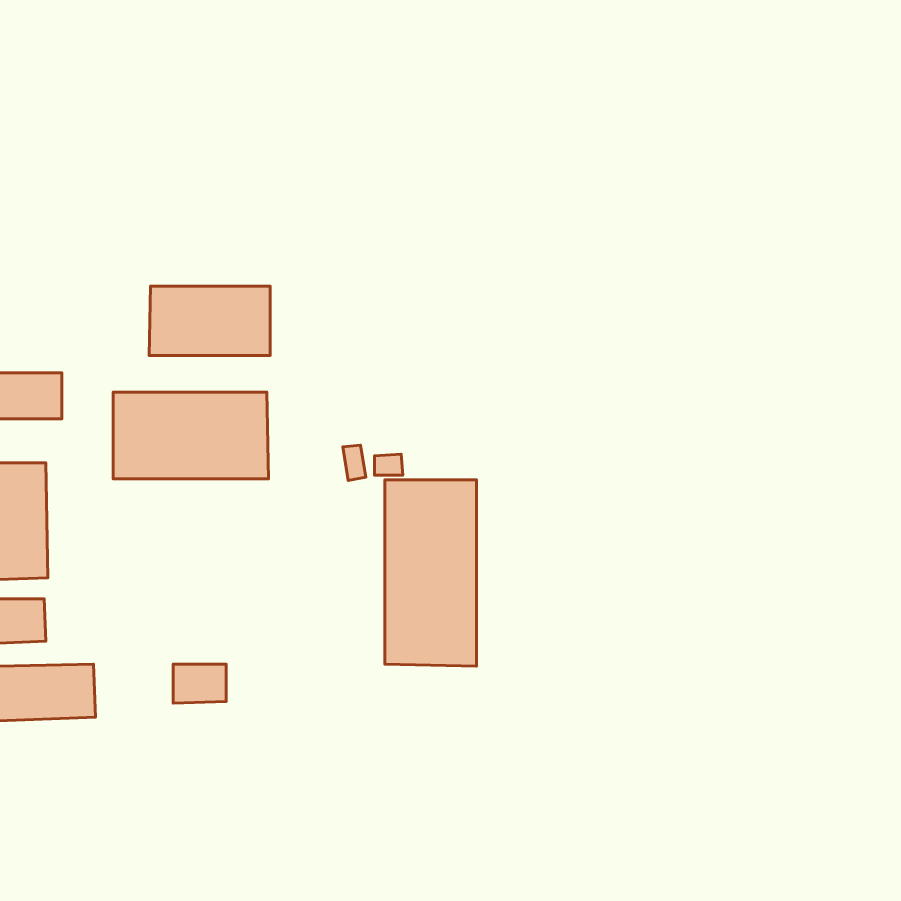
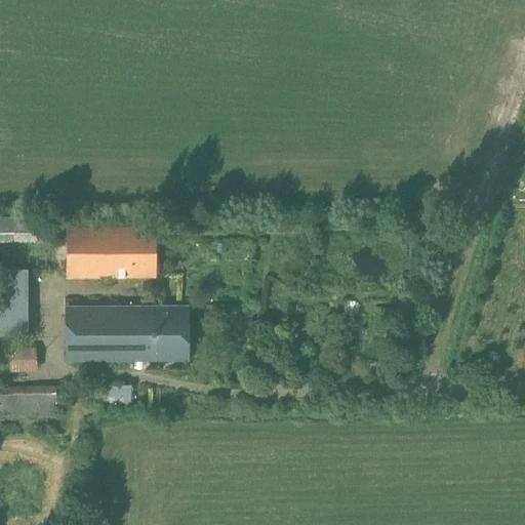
building: [149,286,270,355] -> none
building: [385,480,477,666] -> none
building: none -> [67,307,187,361]

